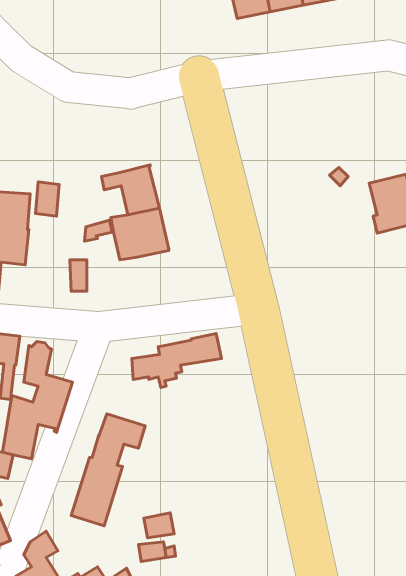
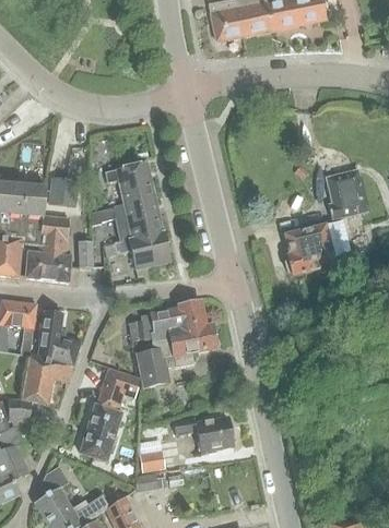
building: none -> [26,215,71,281]
building: none -> [285,225,345,274]
building: none -> [104,230,172,268]
building: none -> [137,322,215,386]
building: none -> [174,416,234,454]

